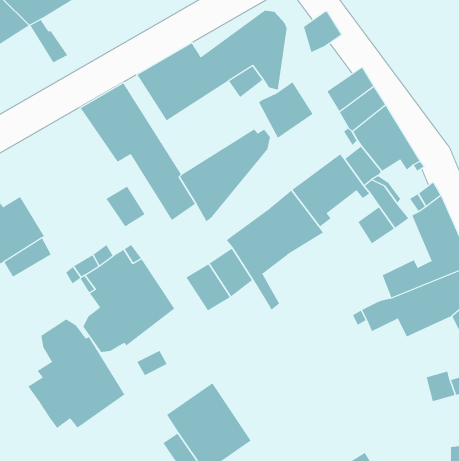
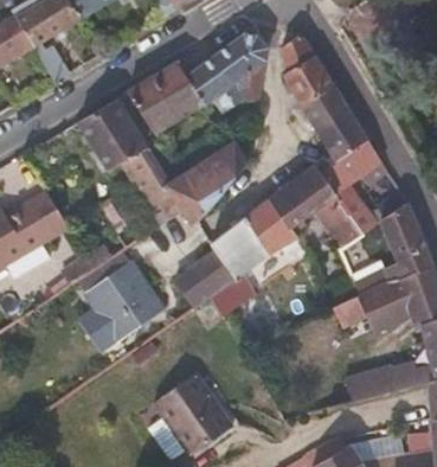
building: [258,82,314,138] -> [284,55,335,107]
building: none -> [21,188,69,239]
building: [28,318,125,429] -> none
building: none -> [345,366,399,403]

